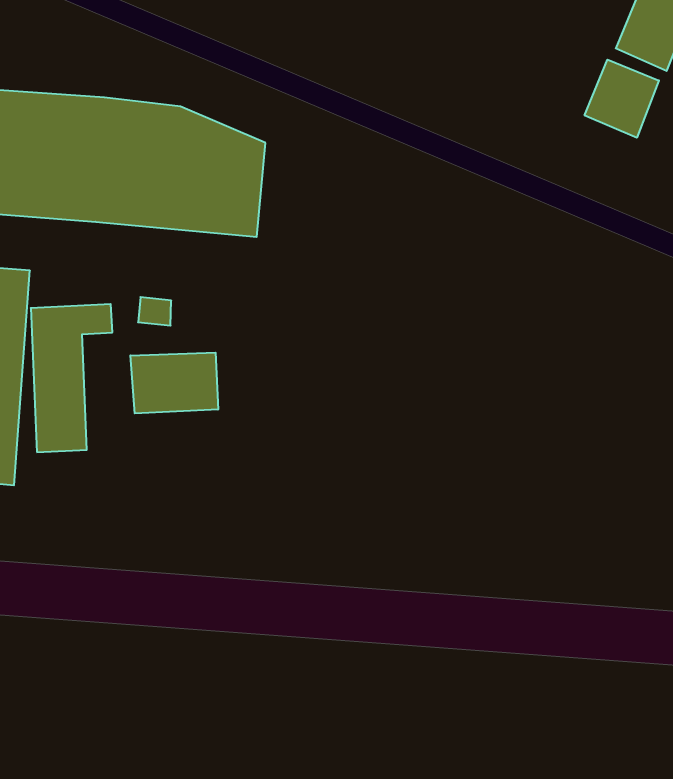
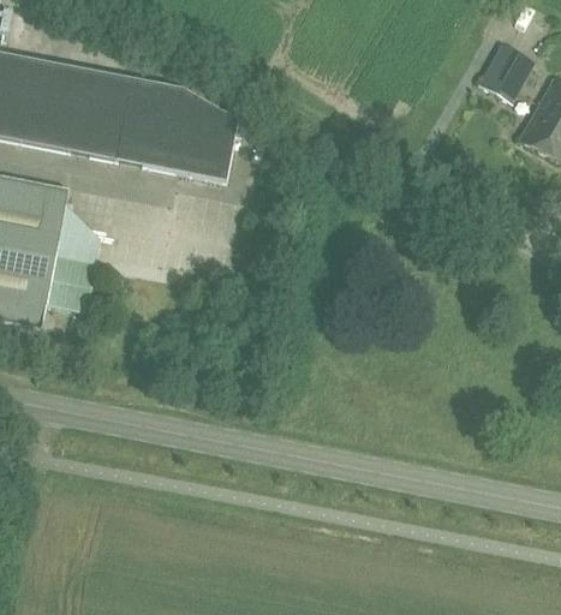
building: [585,60,659,138] -> none
building: [130,353,218,413] -> none

